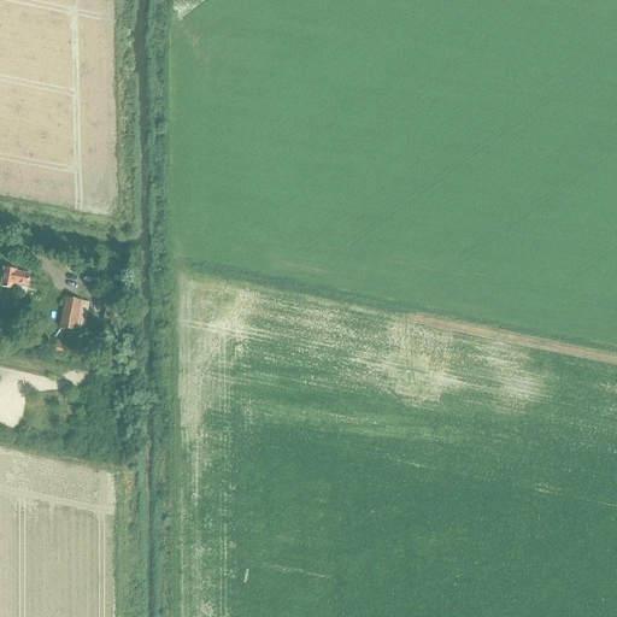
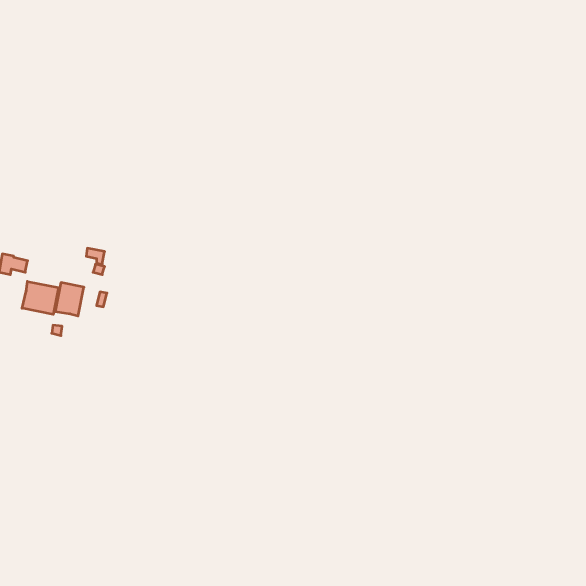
building: none -> [22,281,59,314]

